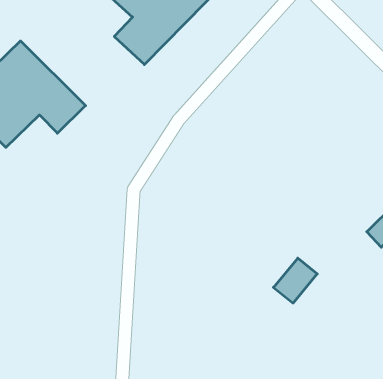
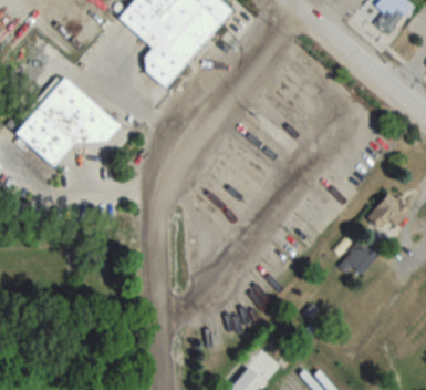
building: [273,258,317,303] -> [341,238,377,277]

